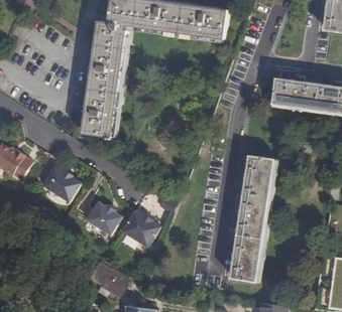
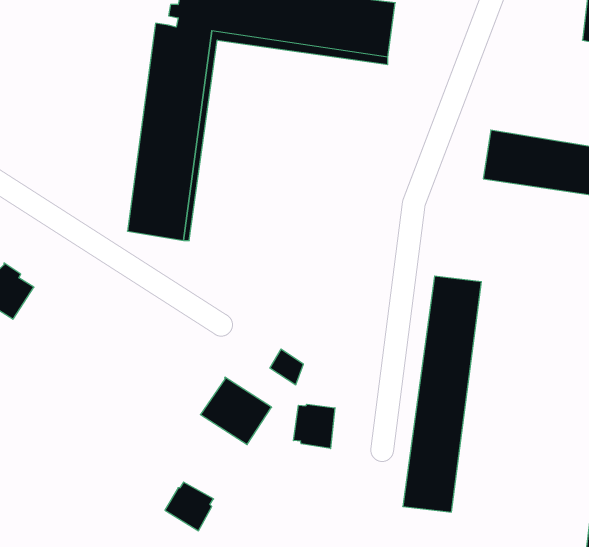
building: [41,166,80,202] -> none
building: [86,202,120,236] -> none
building: none -> [293,404,335,449]

